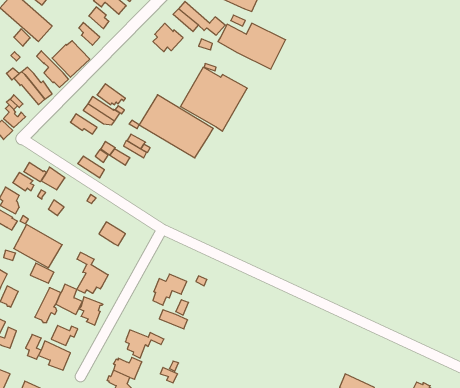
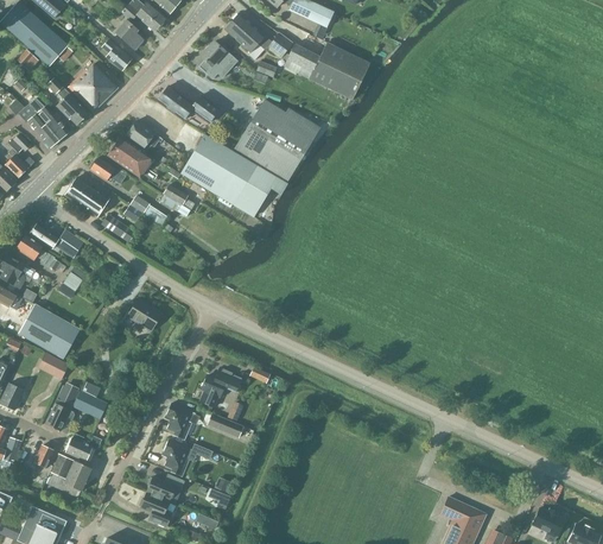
building: none -> [157,86,218,122]
building: none -> [65,176,109,216]
building: [77,252,108,293] -> none
building: [79,297,103,325] -> [164,403,195,439]

